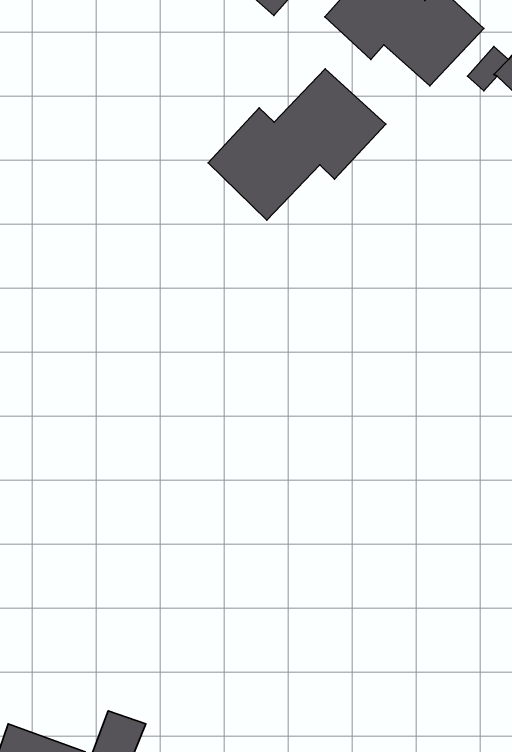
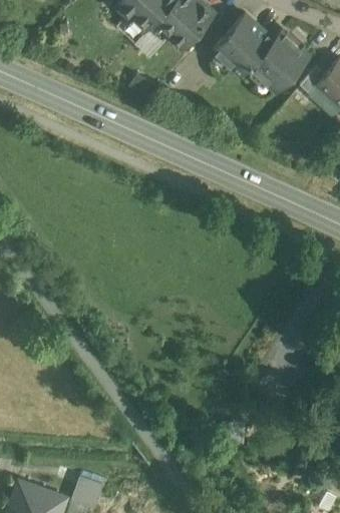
building: [208,69,386,220] -> none

